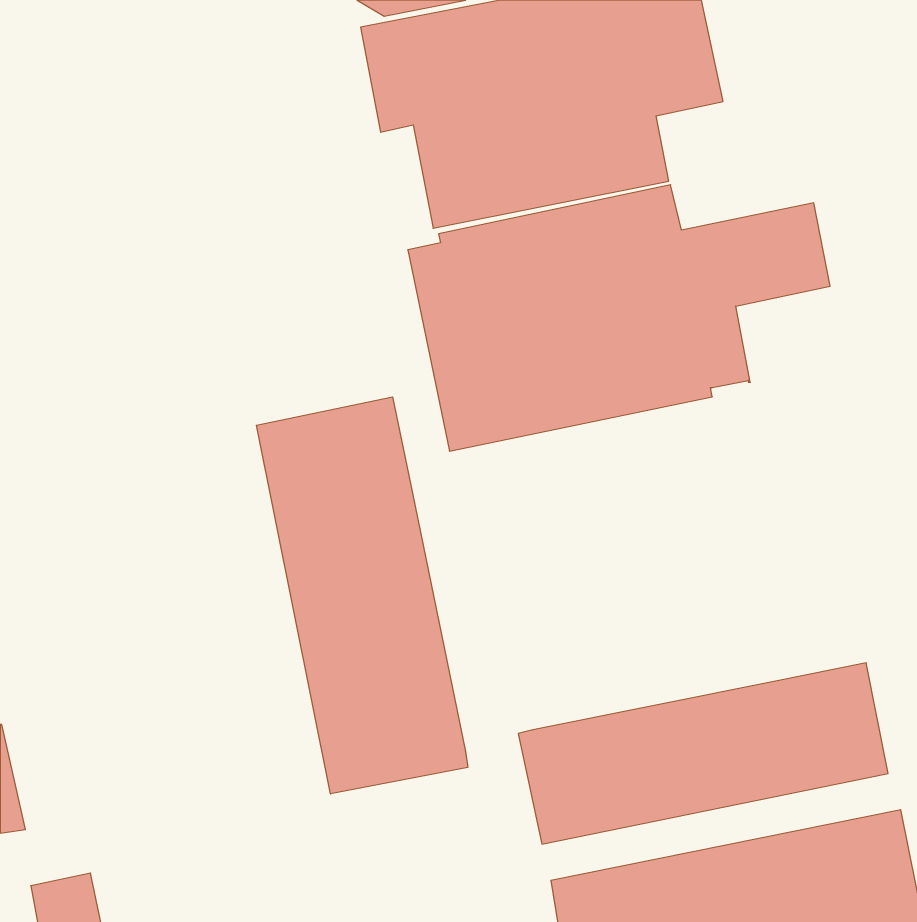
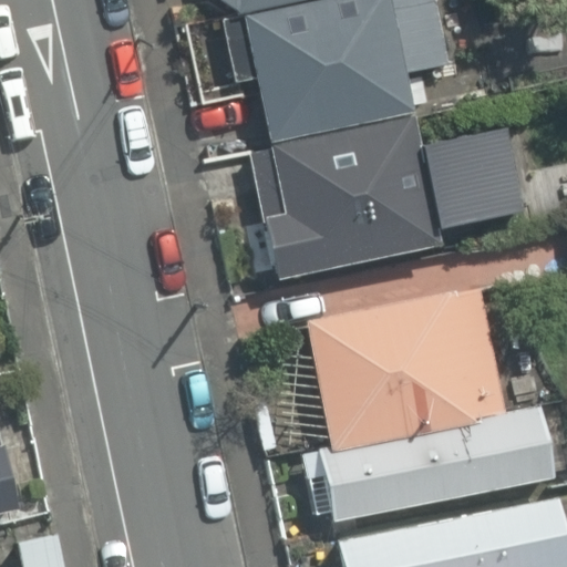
building: [256,397,468,794] -> none
building: none -> [306,290,505,449]

